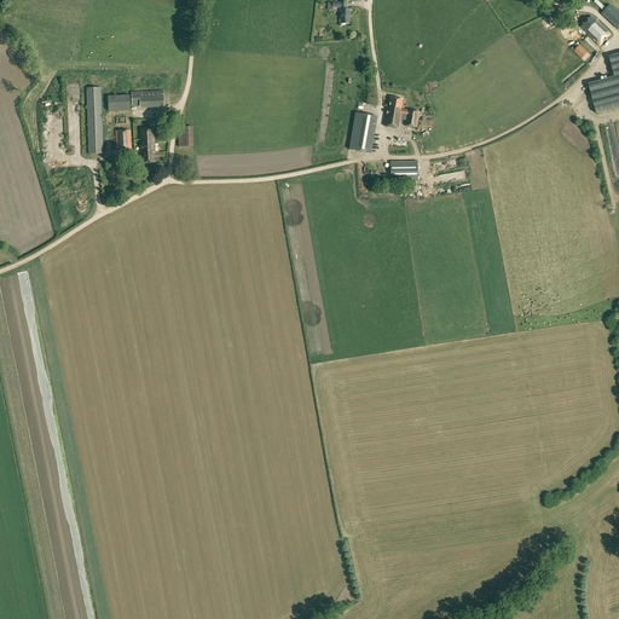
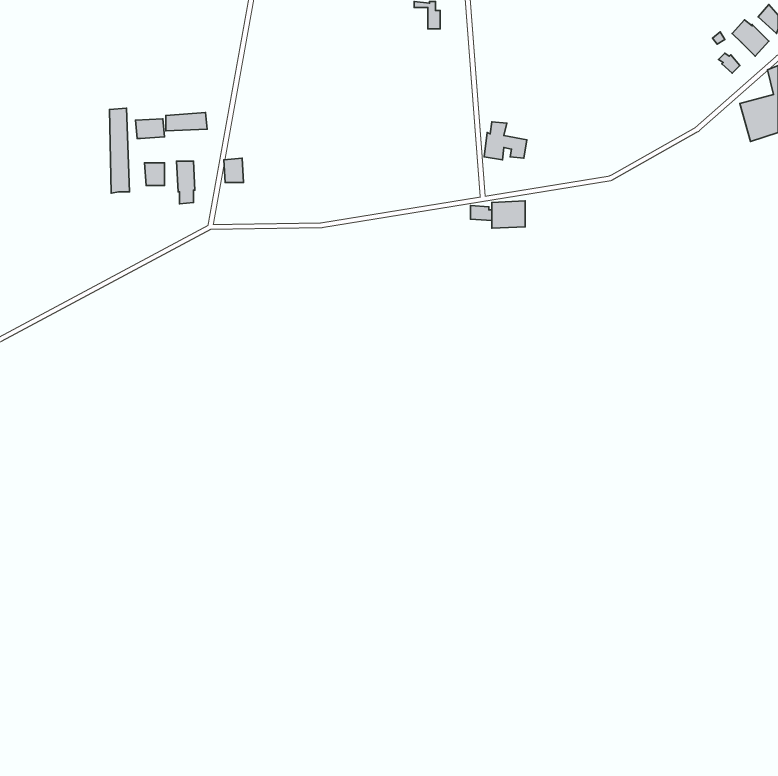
building: [349,111,377,152] -> none

